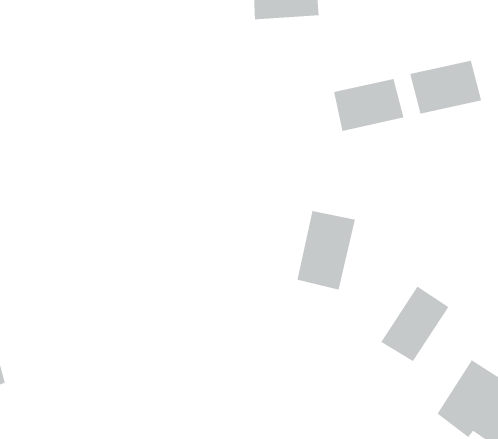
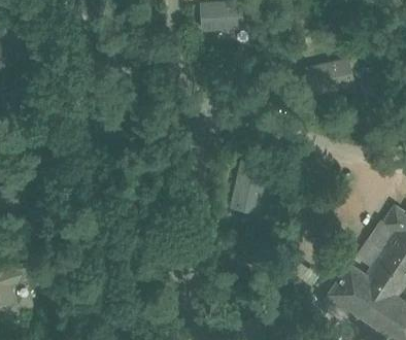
building: [333,78,404,132] -> none
building: [380,286,449,362] -> none

